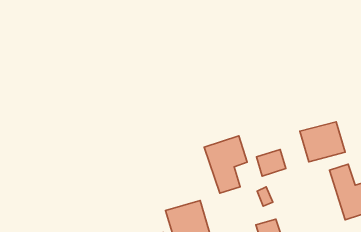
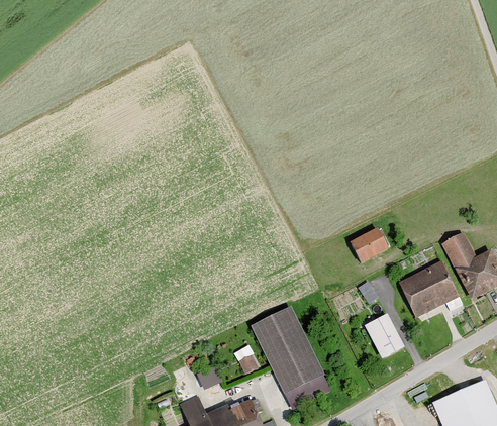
building: [300,122,345,162] -> [399,260,459,315]
building: [204,136,247,193] -> none

